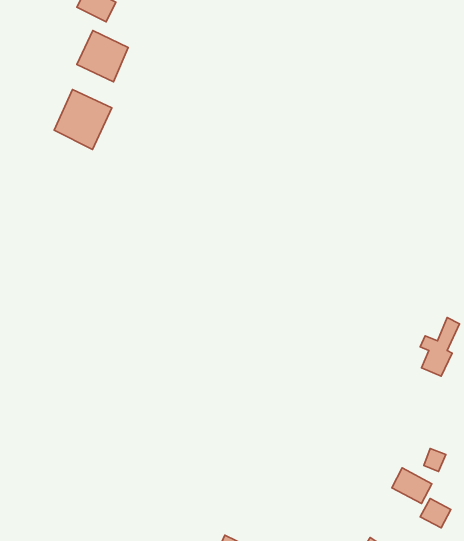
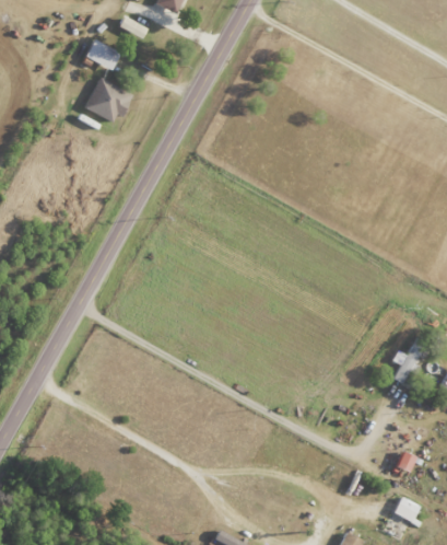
building: [54,89,112,149] -> none
building: [392,468,432,504] -> none

